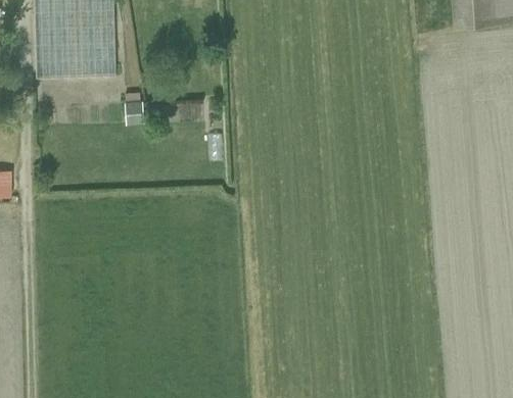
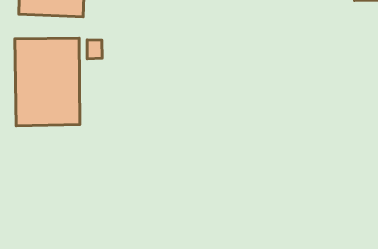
building: none -> [15,38,80,126]

